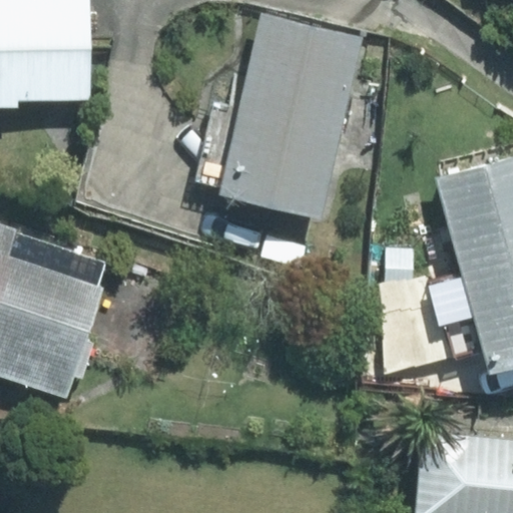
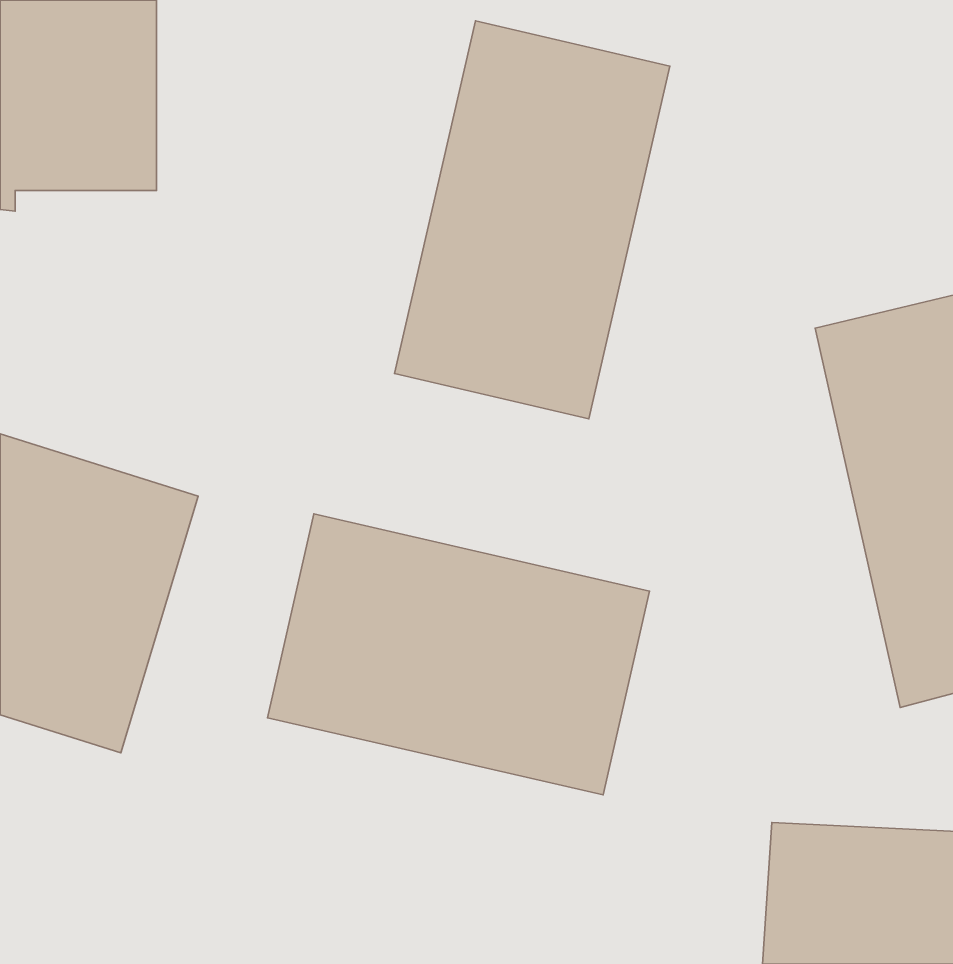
building: none -> [267,514,650,795]

